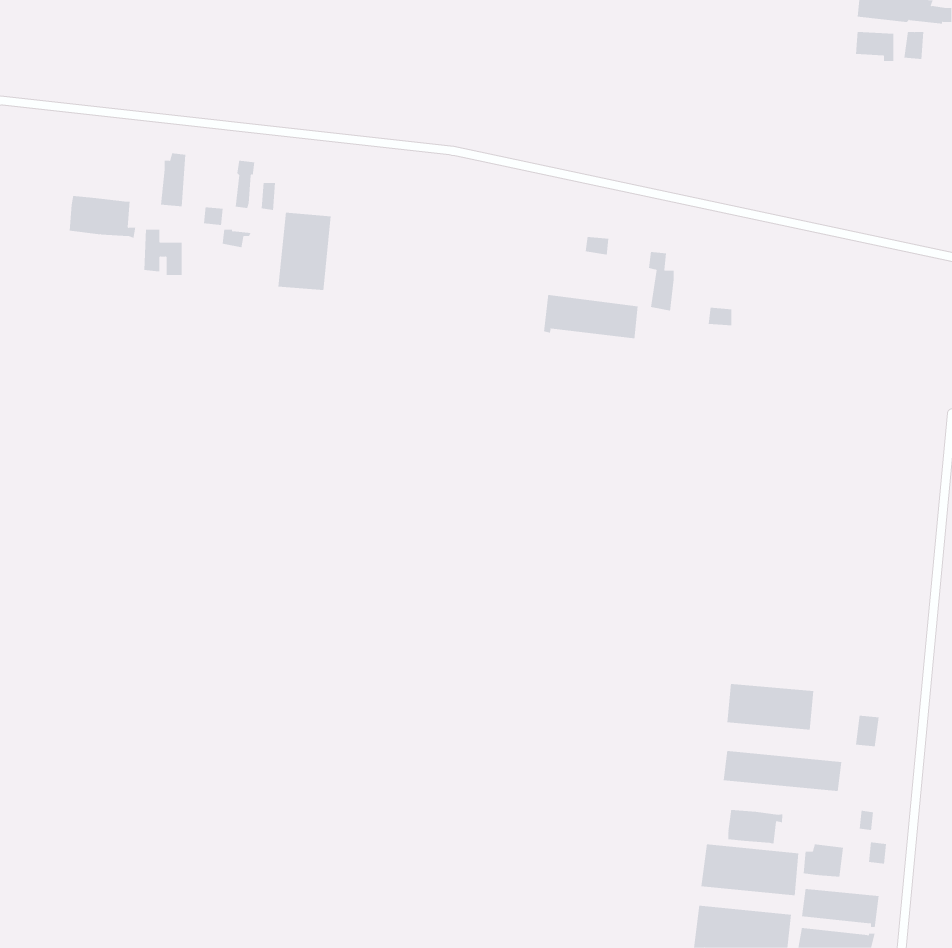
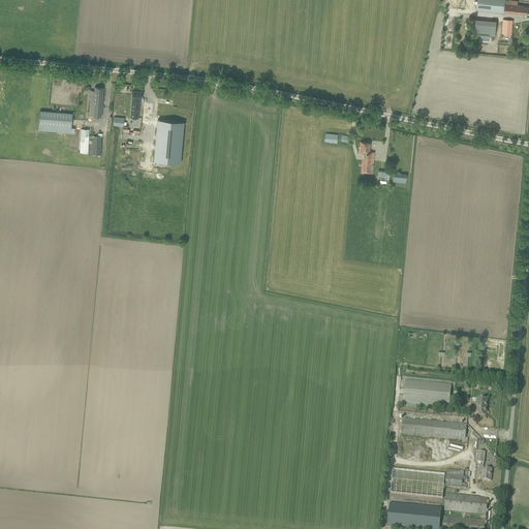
building: [543,294,638,339] -> none
building: [728,809,783,844] -> none

